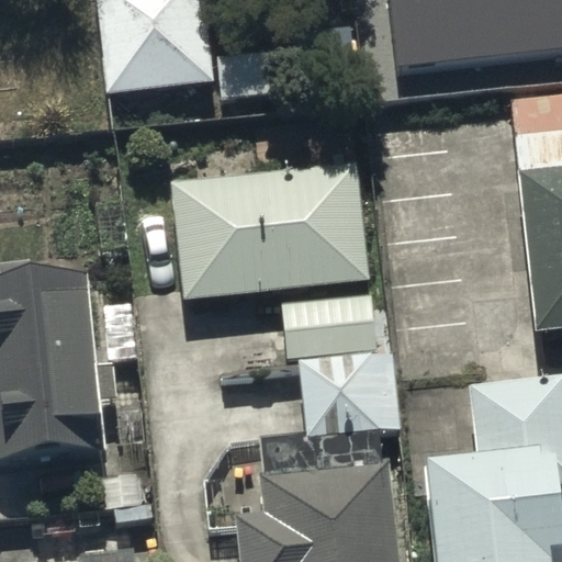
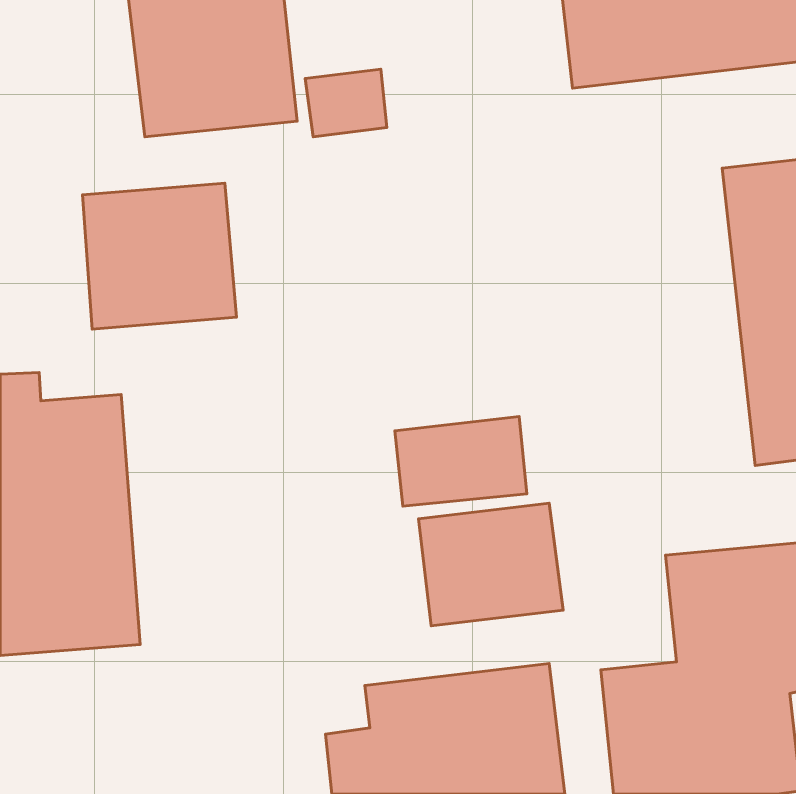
building: none -> [83,183,236,329]
building: [172,165,366,300] -> none

